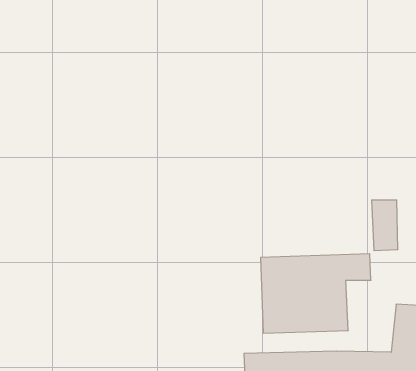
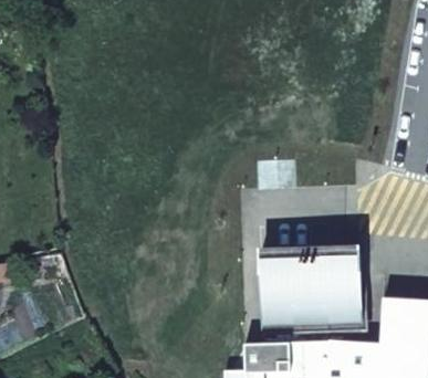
building: [372,200,398,251] -> [337,276,362,323]

